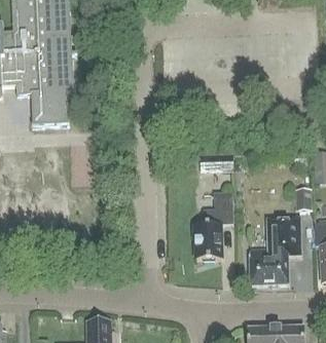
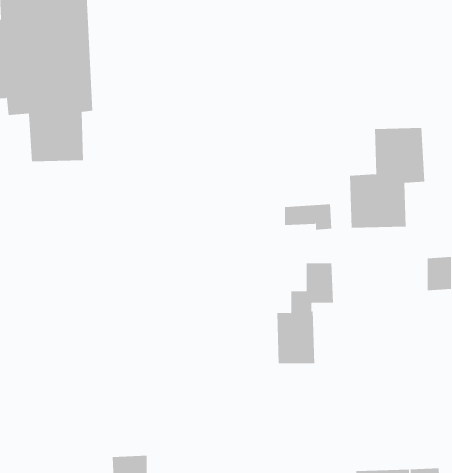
building: [250,219,300,285] -> [349,127,425,228]

